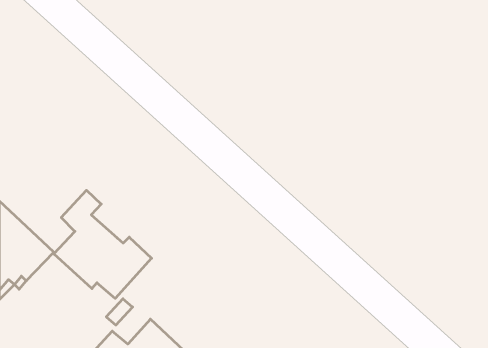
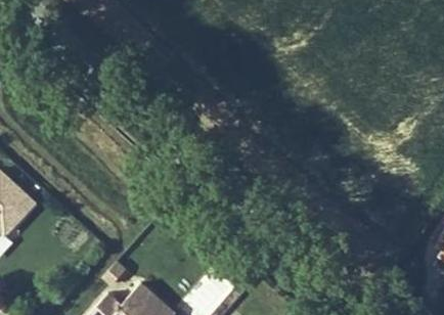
building: [54,190,152,298] -> none

